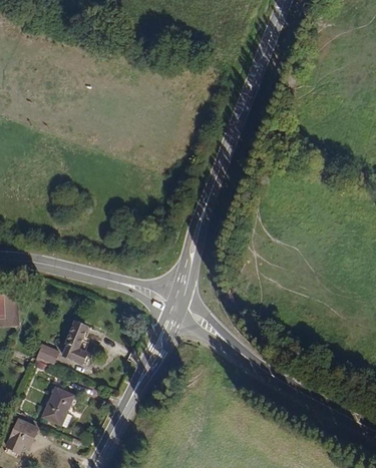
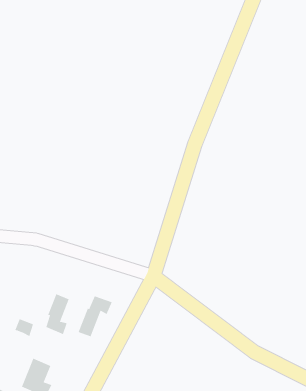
building: none -> [78,296,113,337]

